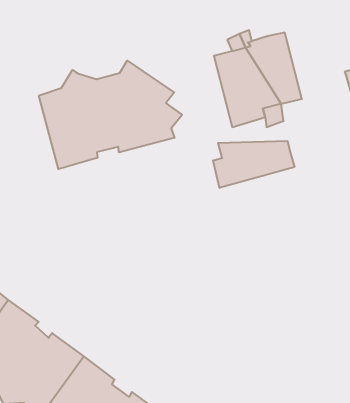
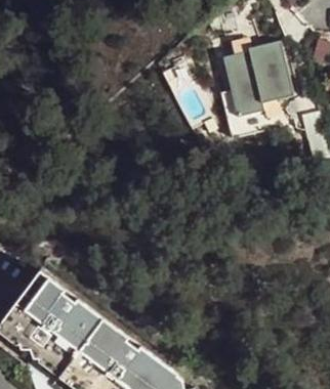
building: [39,61,182,169] -> none
building: [213,141,294,188] -> none

